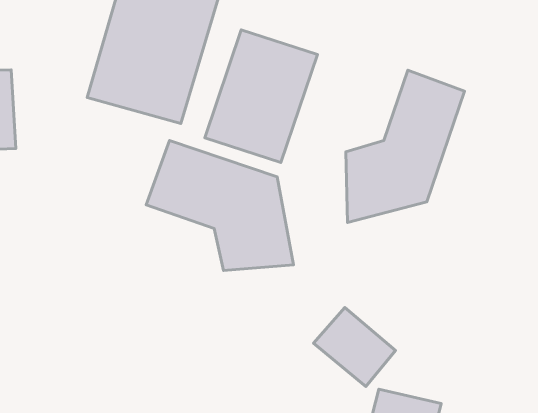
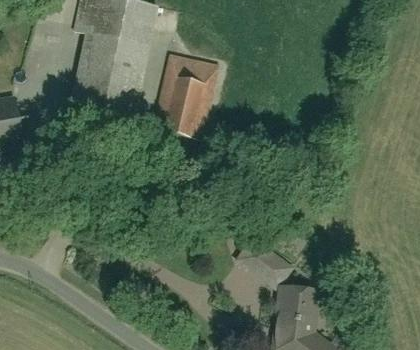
building: [346,70,464,222] -> none
building: [146,141,294,270] -> none

